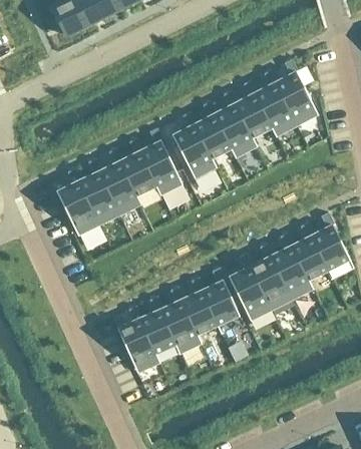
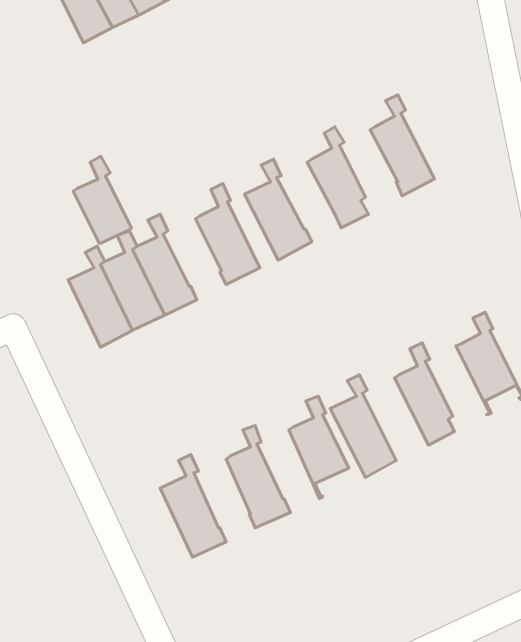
building: [275,59,318,125] -> none
building: [235,80,273,137] -> none
building: [194,101,232,158] -> none
building: [119,138,157,195] -> [73,156,131,243]
building: [291,222,329,281] -> none
building: [250,243,293,310] -> none
building: [180,277,218,335] -> none
building: [139,296,176,354] -> none

